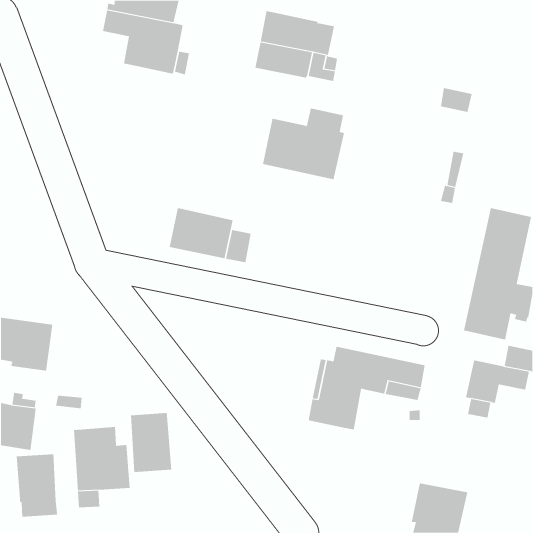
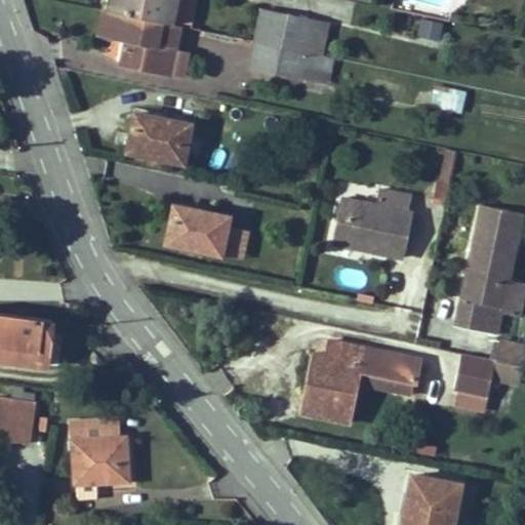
building: [262,108,345,180] -> [332,188,413,258]
building: none -> [128,113,191,162]
building: [130,412,172,473] -> none
building: [16,453,58,518] -> none

